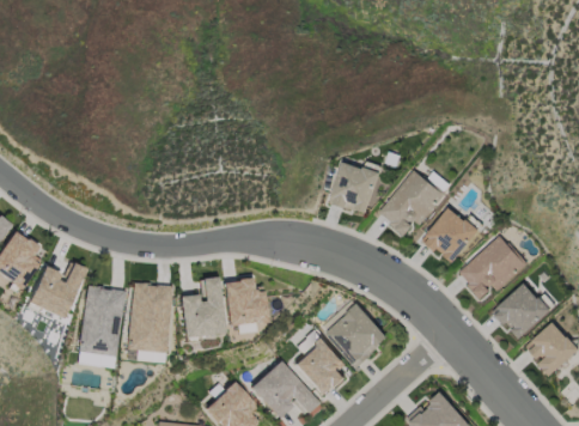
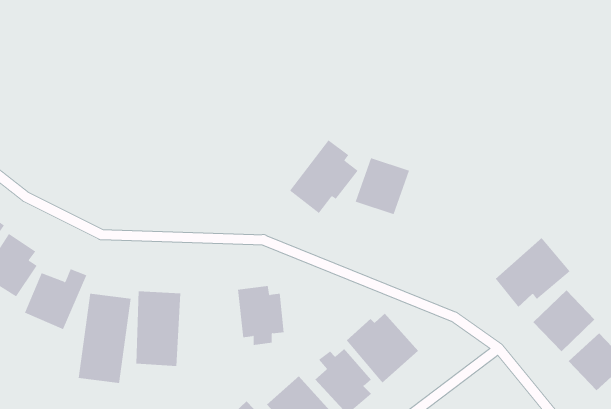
building: [378,169,441,237] -> [289,139,358,214]
building: [423,207,480,264] -> none
building: [178,276,224,339] -> none

